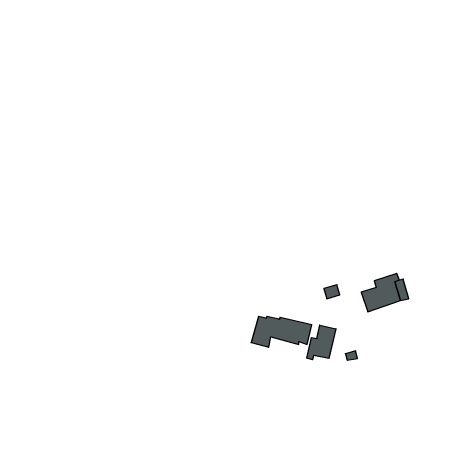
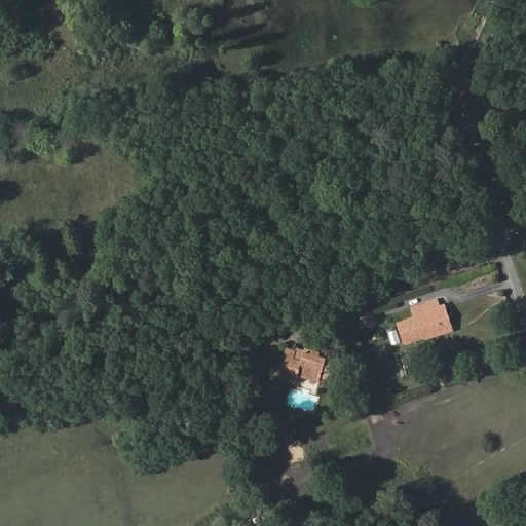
building: [307,325,336,360] -> none

